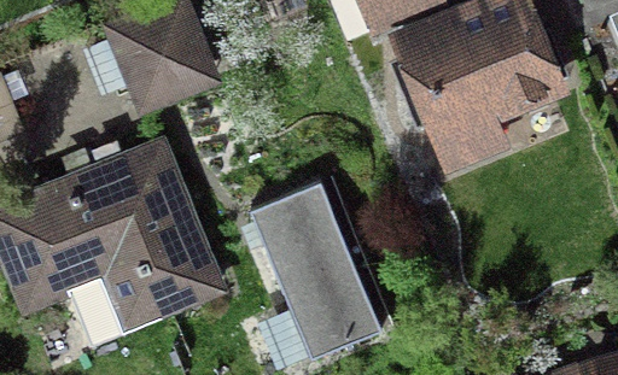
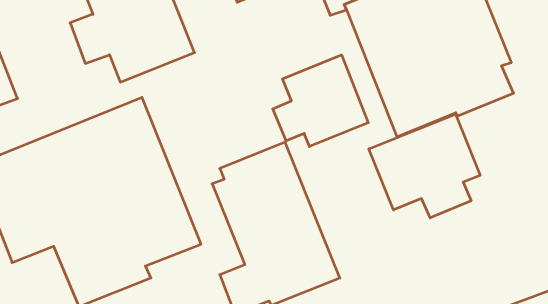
building: none -> [273,55,368,147]
building: none -> [369,114,480,218]

